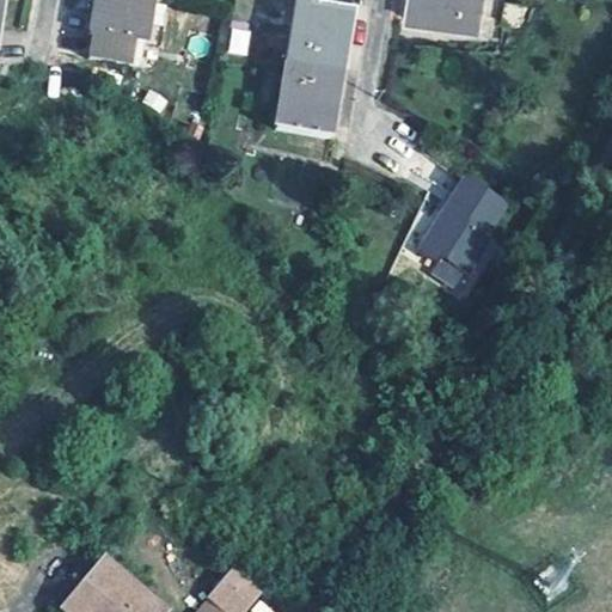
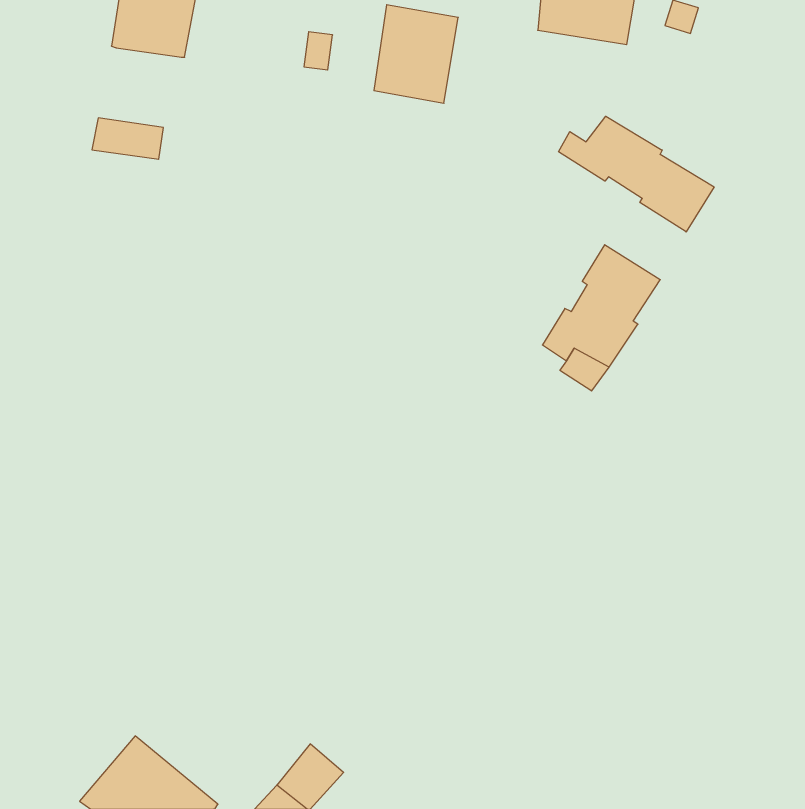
building: [88,36,142,67] -> [92,118,163,159]
building: [276,68,339,142] -> none
building: none -> [559,116,714,232]

